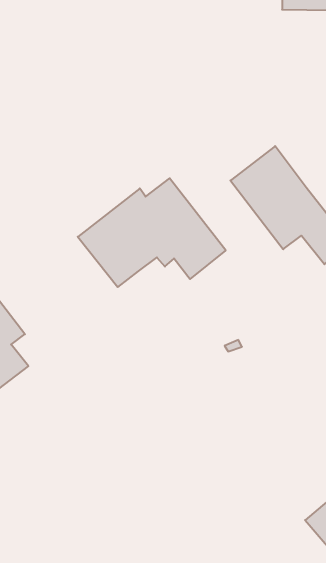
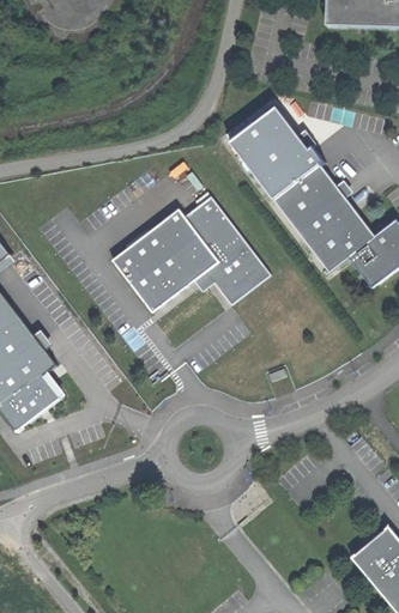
building: none -> [225,109,321,201]

